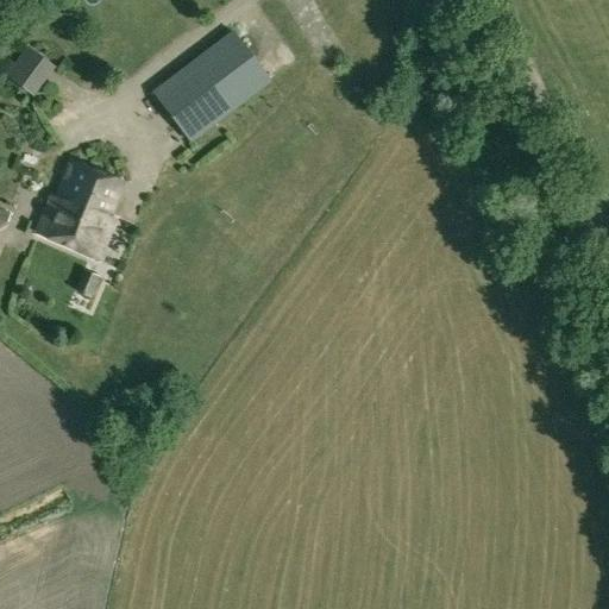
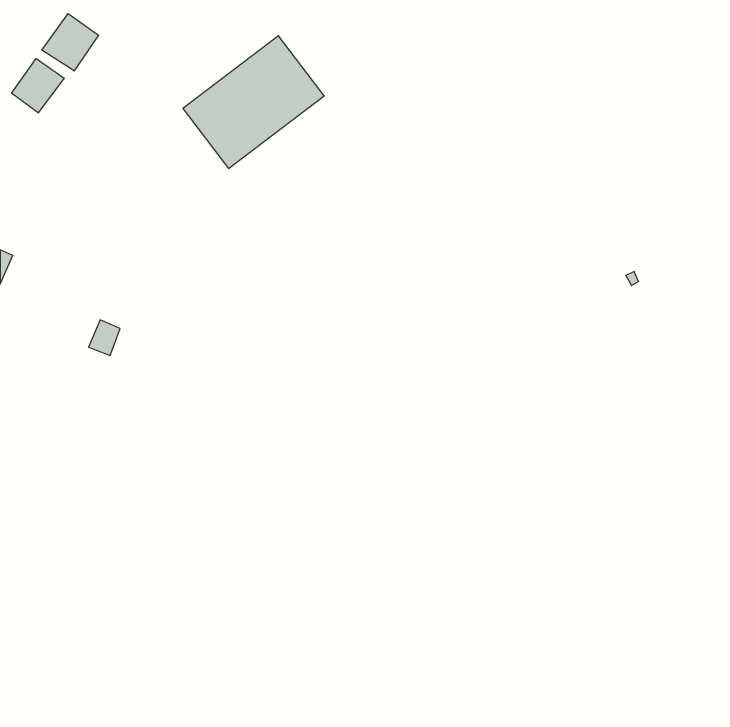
building: none -> [42,14,99,71]
building: [36,161,123,258] -> none

